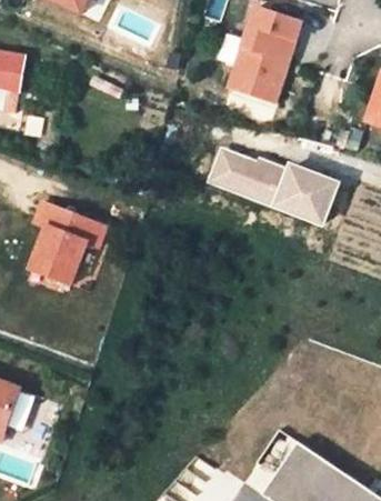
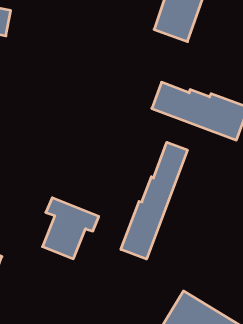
building: [28,202,104,285] -> [42,198,99,259]
building: none -> [121,142,187,259]

